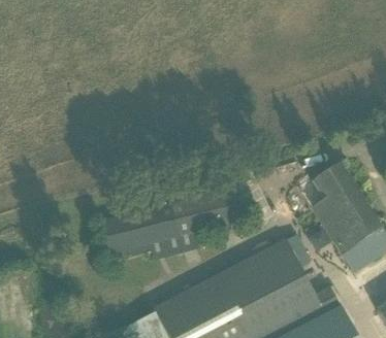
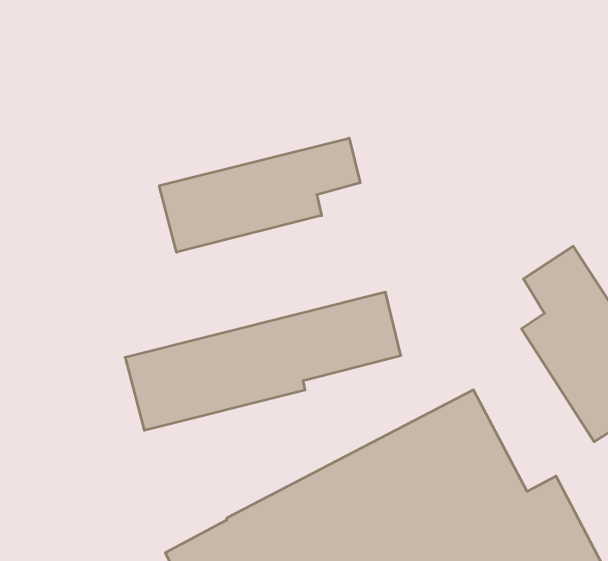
building: none -> [159,138,360,252]

